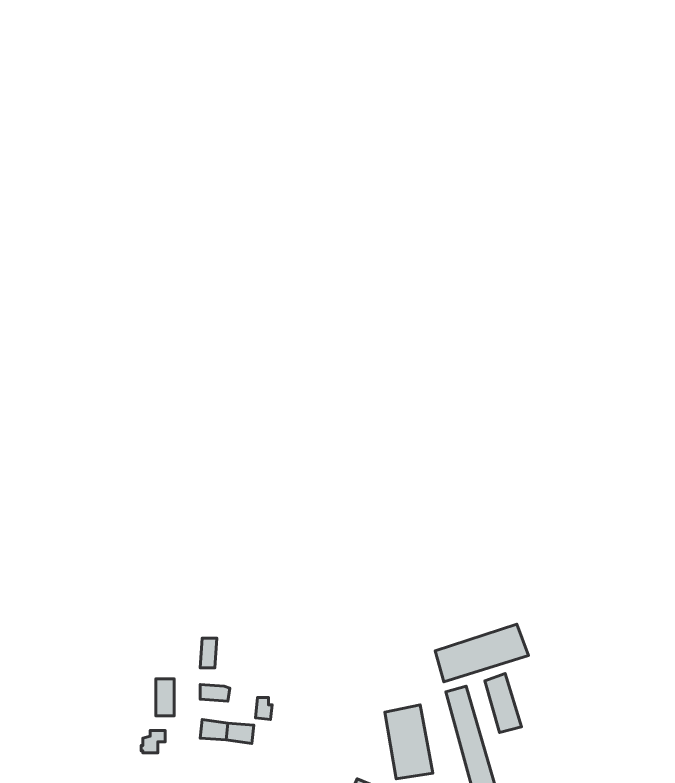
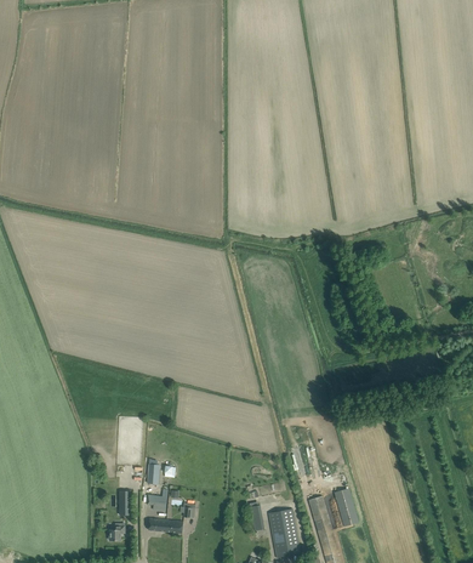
building: [435,624,528,682] -> none

